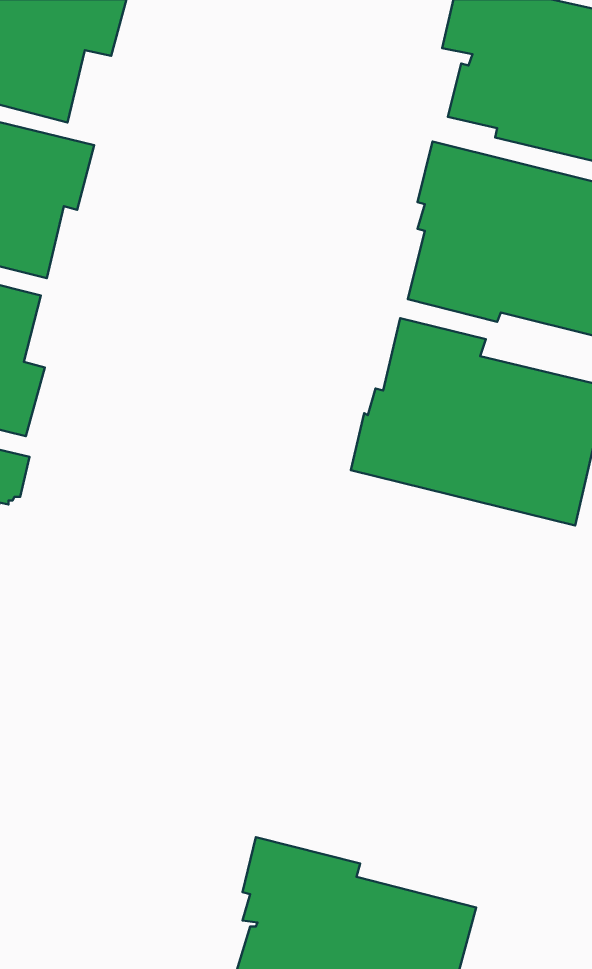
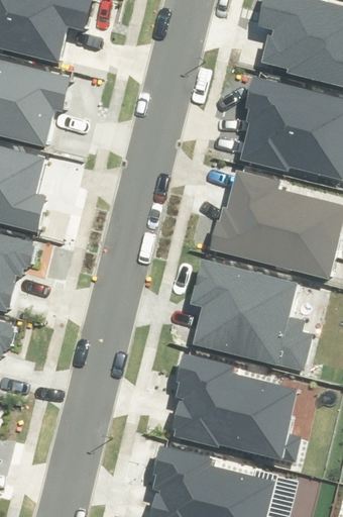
building: none -> [190,258,312,371]
building: none -> [172,353,303,464]

